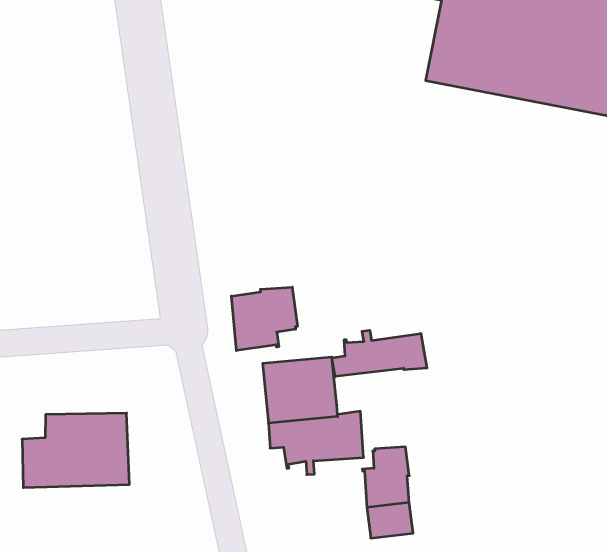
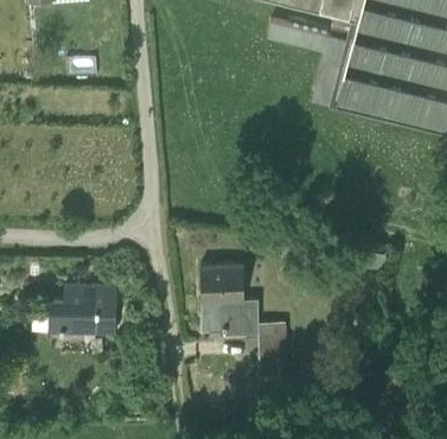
building: [231,287,297,351] -> none
building: [332,330,427,377] -> none

